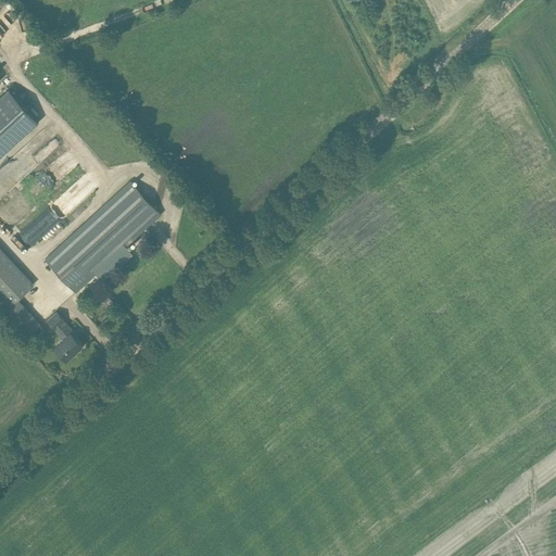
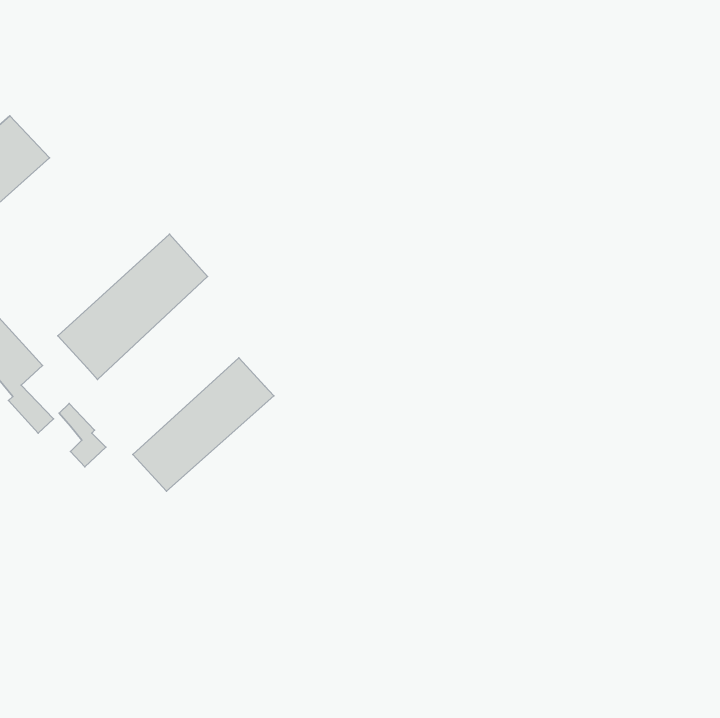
building: [20,211,56,247] -> none
building: none -> [133,358,274,491]

